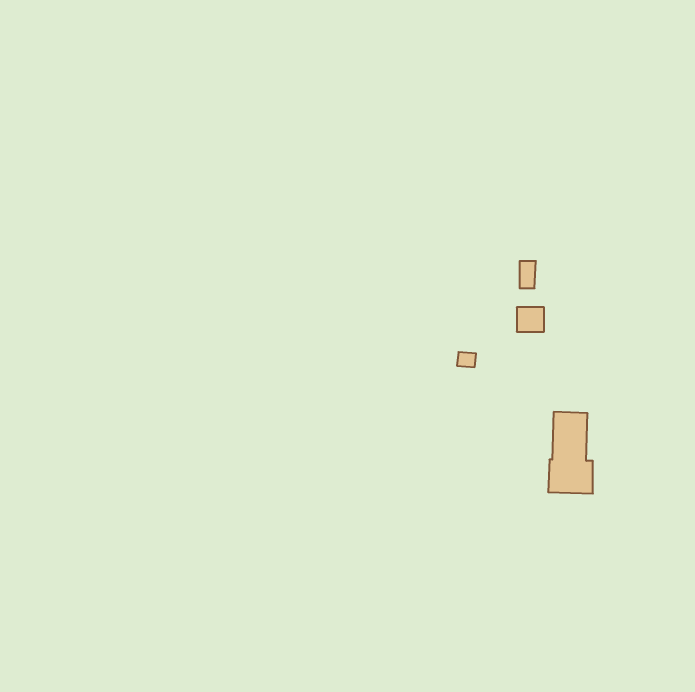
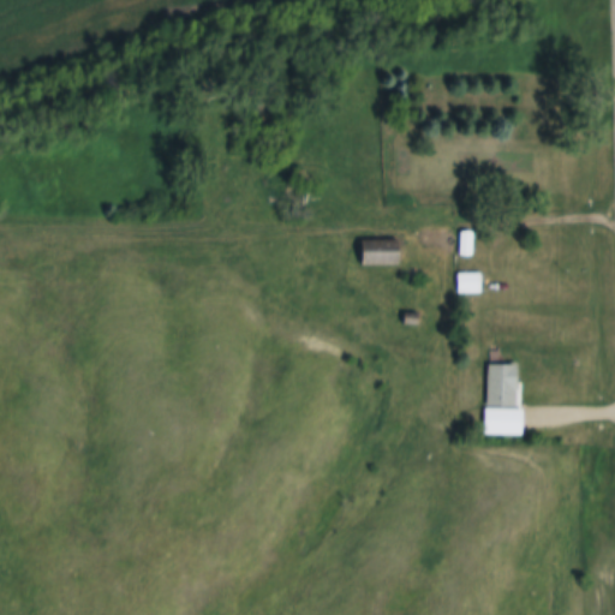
building: none -> [360,239,400,264]

